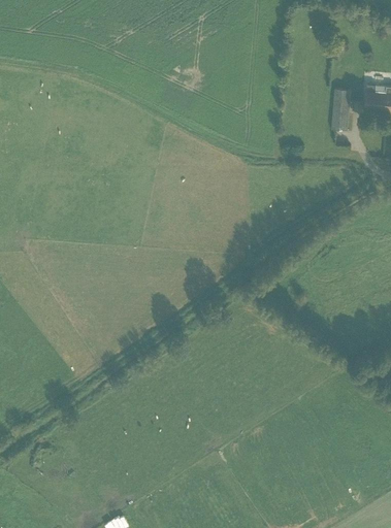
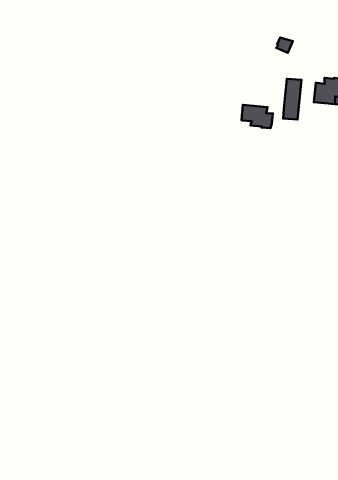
building: none -> [241,105,273,128]

